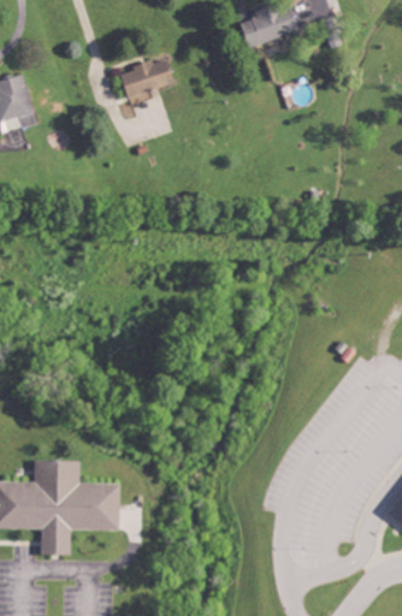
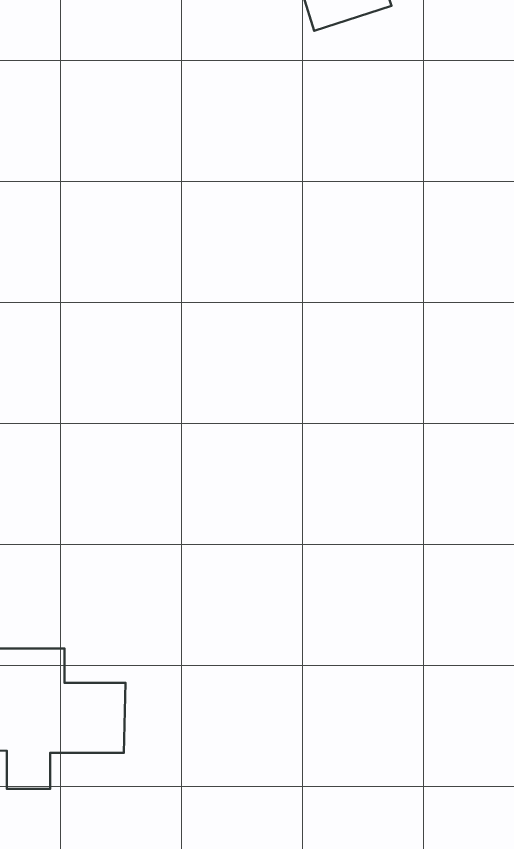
building: [119,59,175,106] -> none

